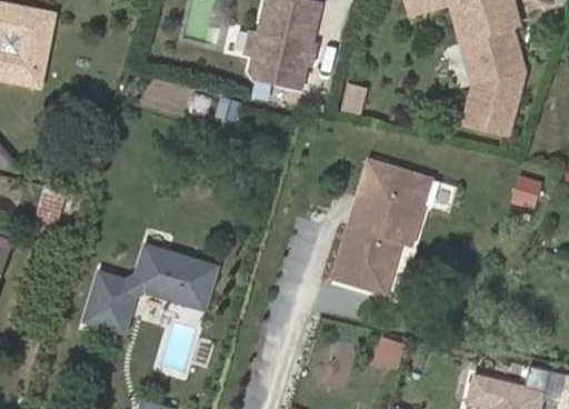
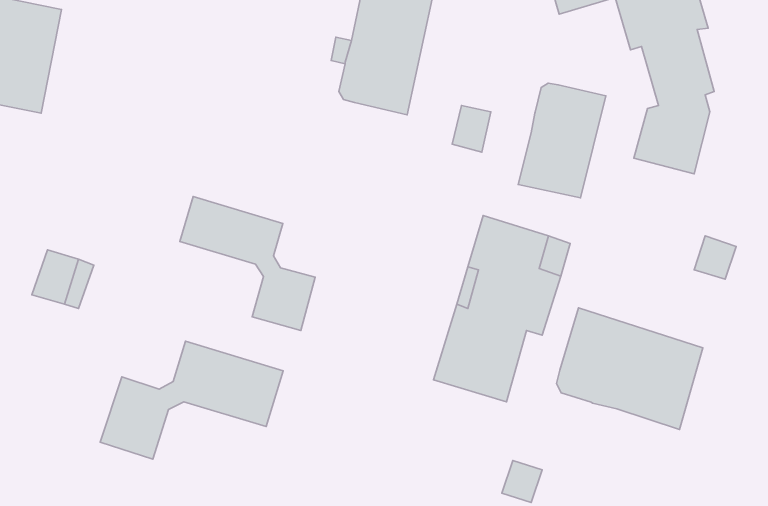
building: none -> [518,83,606,198]
building: none -> [180,196,315,330]
building: none -> [556,308,703,429]

